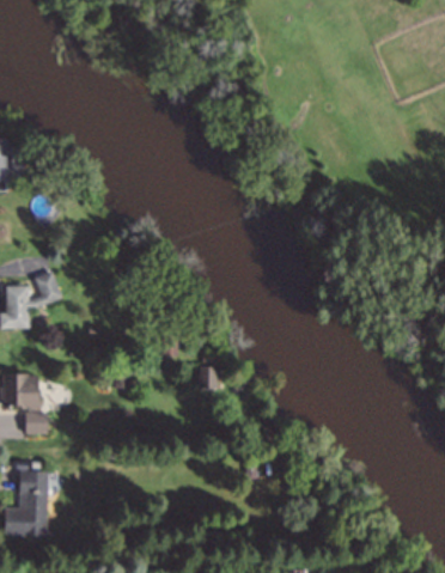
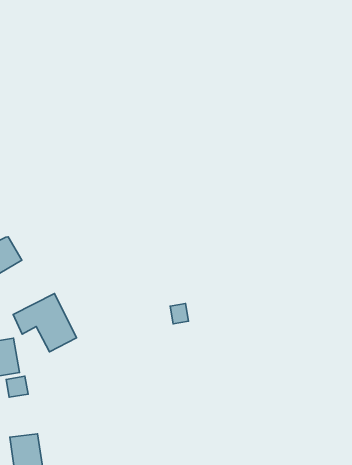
building: none -> [13,294,77,352]

